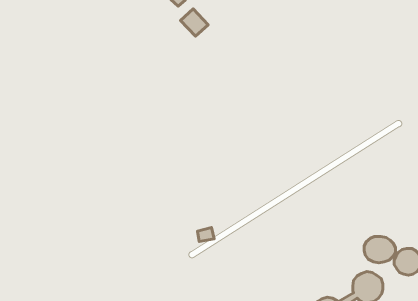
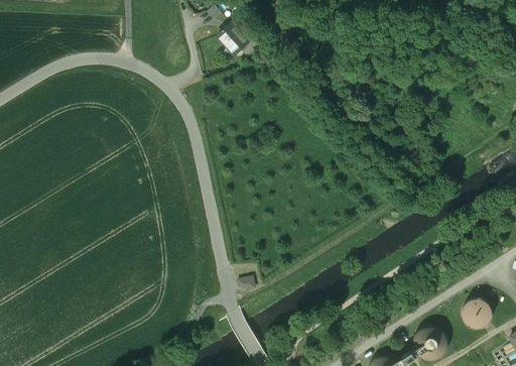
building: [364,237,396,263] -> none

